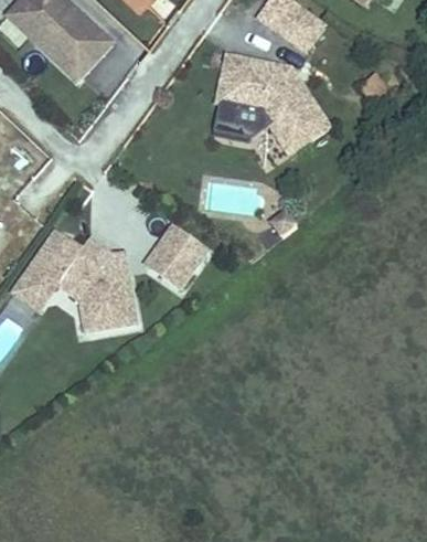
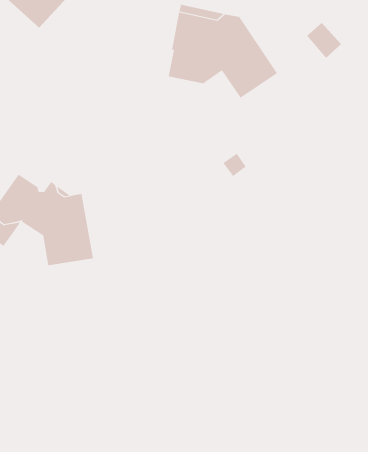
building: [147,226,205,285] -> none

